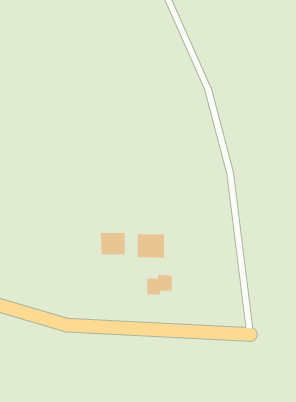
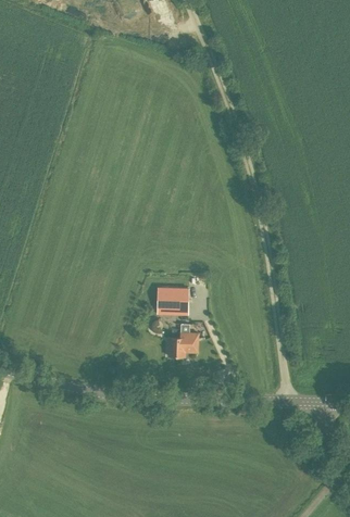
building: [100,232,126,255] -> none

